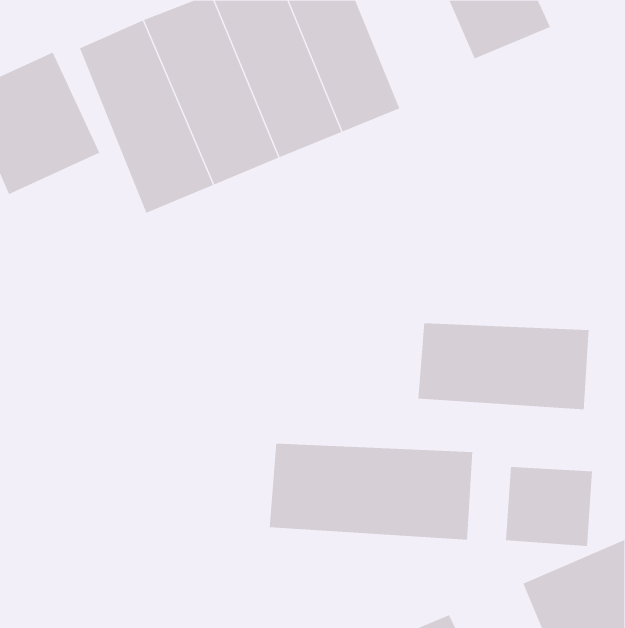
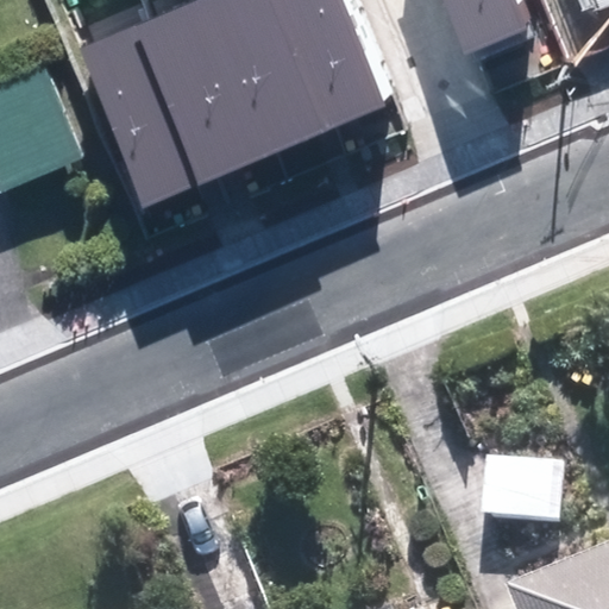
building: [418,322,589,410] -> none
building: [269,443,473,541] -> none

